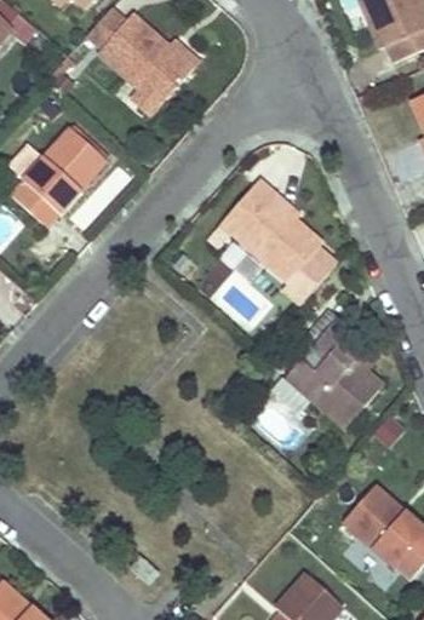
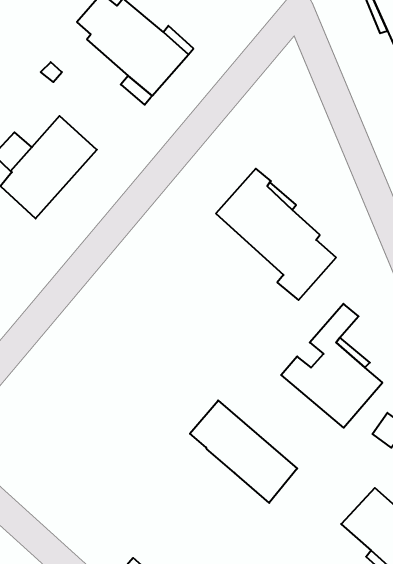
building: none -> [190,400,297,503]

